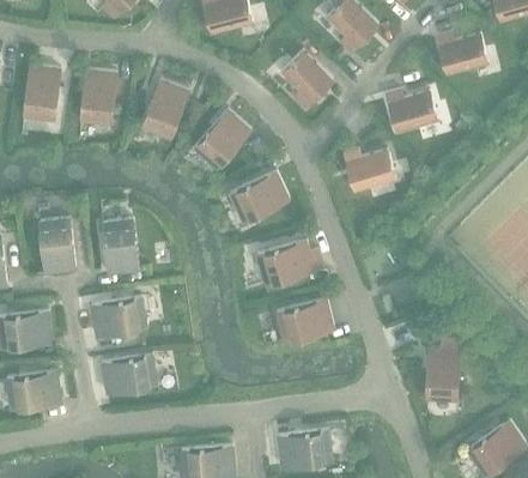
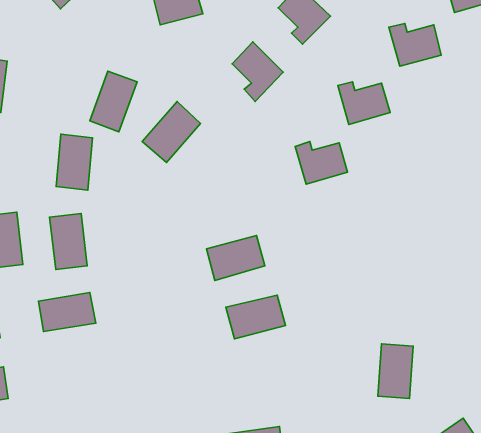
building: [80,71,116,126] -> [56,134,93,190]
building: [229,173,289,223] -> none
building: [101,355,157,394] -> none

